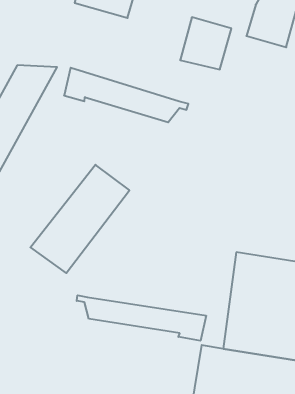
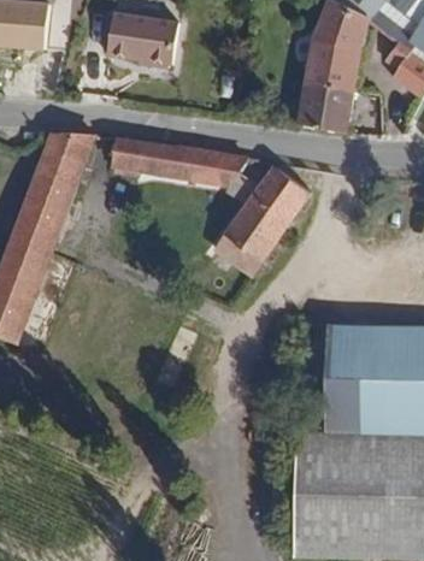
building: [180,17,231,69] -> [300,72,354,128]
building: [30,165,129,273] -> [207,170,312,297]
building: [77,295,206,341] -> none

